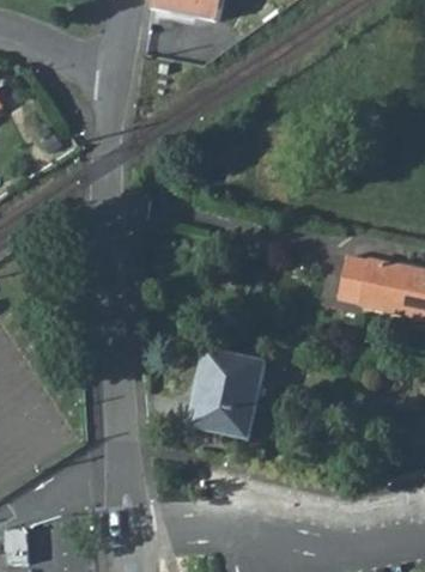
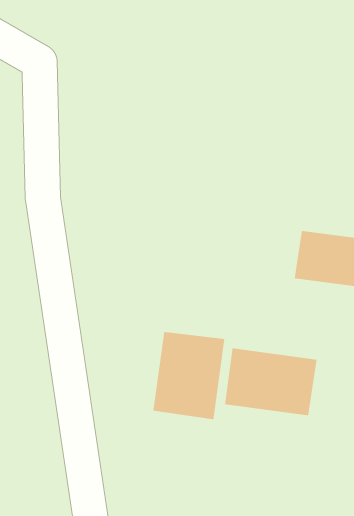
building: none -> [225,348,317,416]

